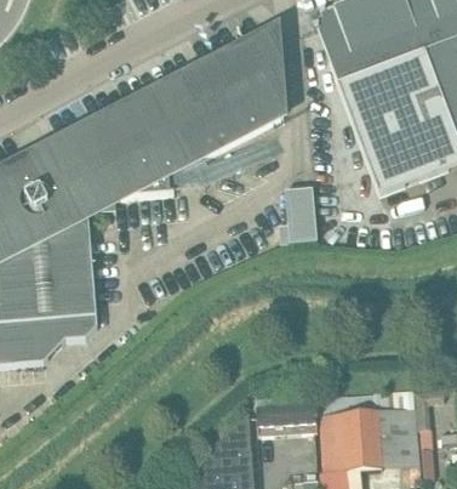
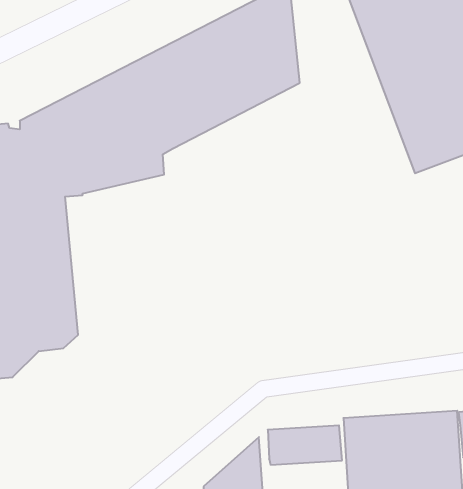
building: [279,188,316,244] -> none

